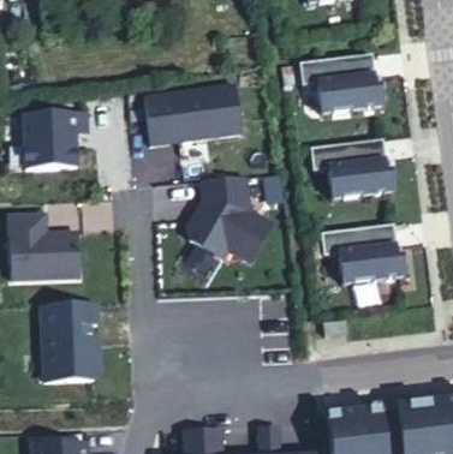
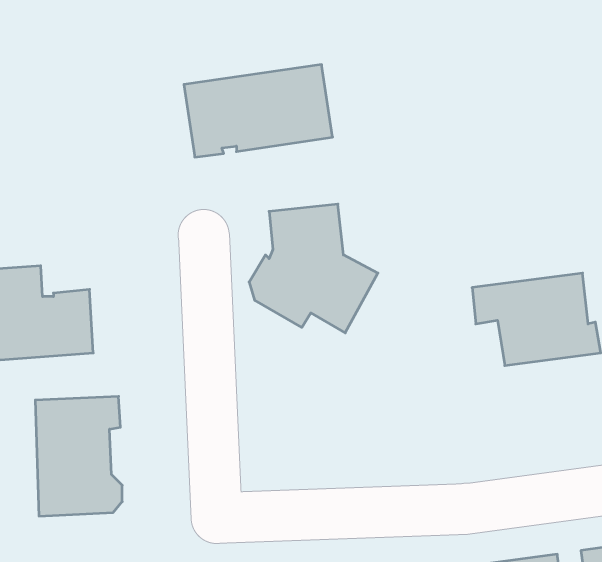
building: [305,53,391,114] -> none
building: [18,113,79,168] -> none
building: [316,136,401,196] -> none

